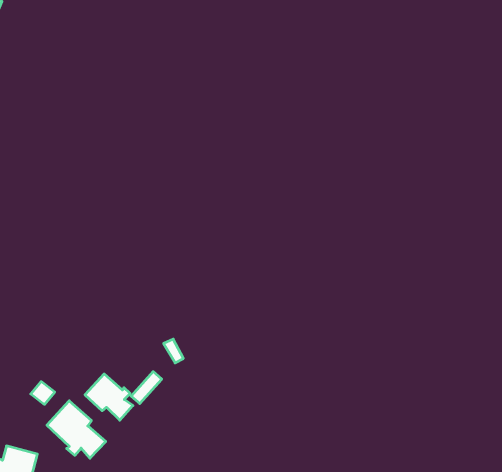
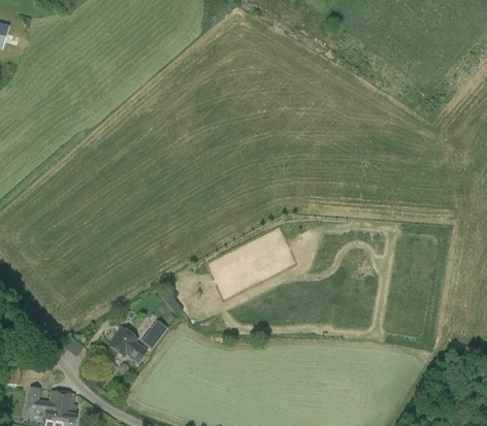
building: [47,401,106,458] -> none

